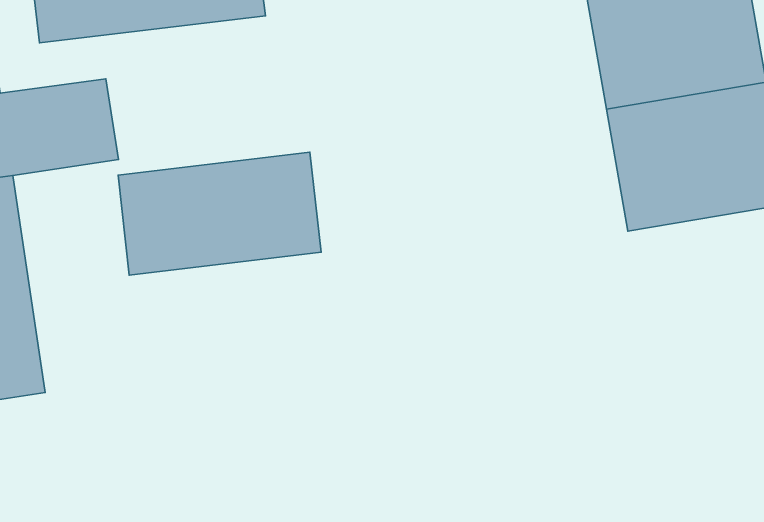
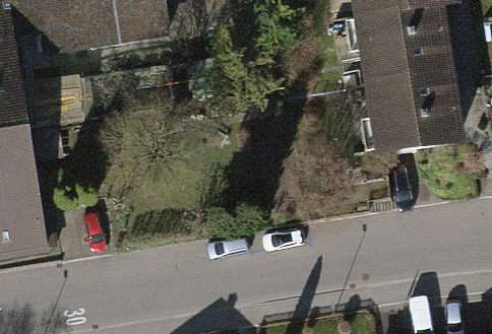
building: [118,152,321,275] -> none

